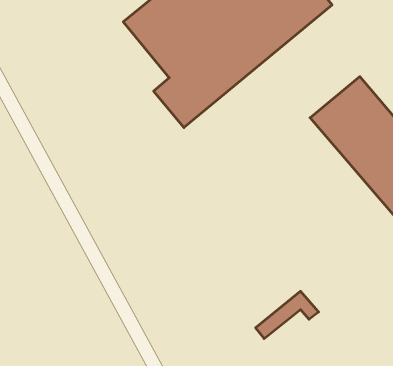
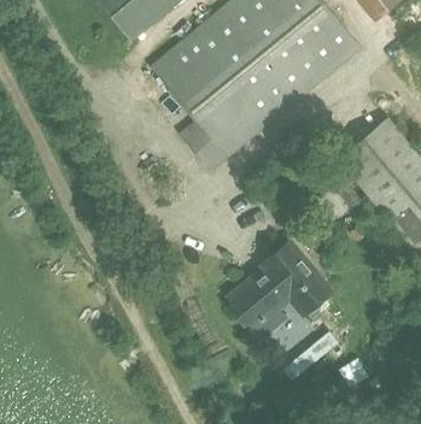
building: none -> [229,241,332,328]

